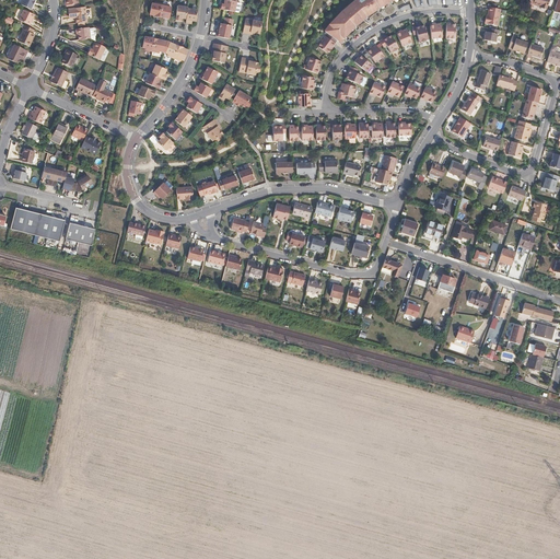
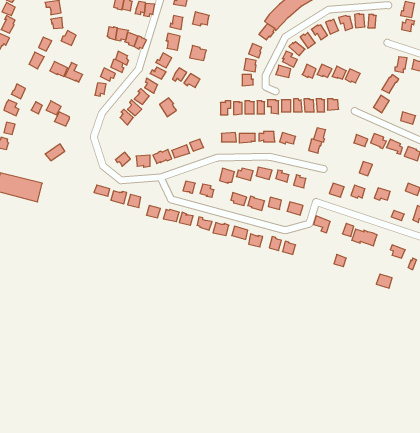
building: [40,165,73,190] -> none
building: [66,222,95,244] -> none

